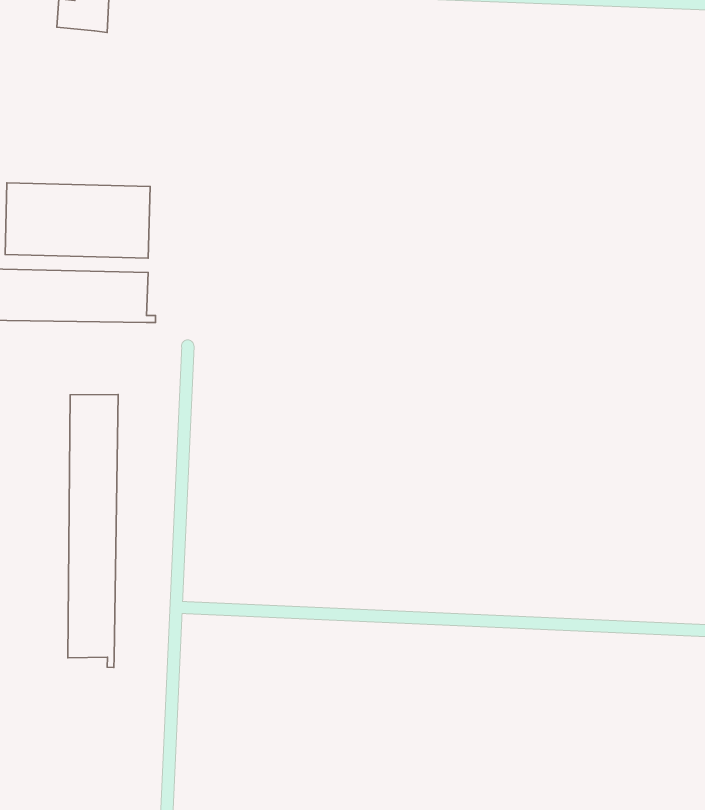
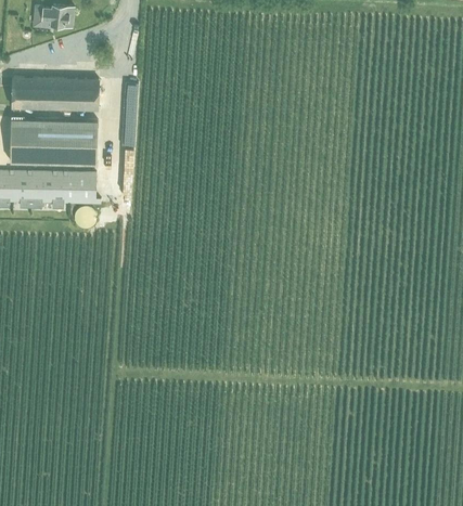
building: none -> [11,78,98,111]
building: [68,394,118,668] -> none

